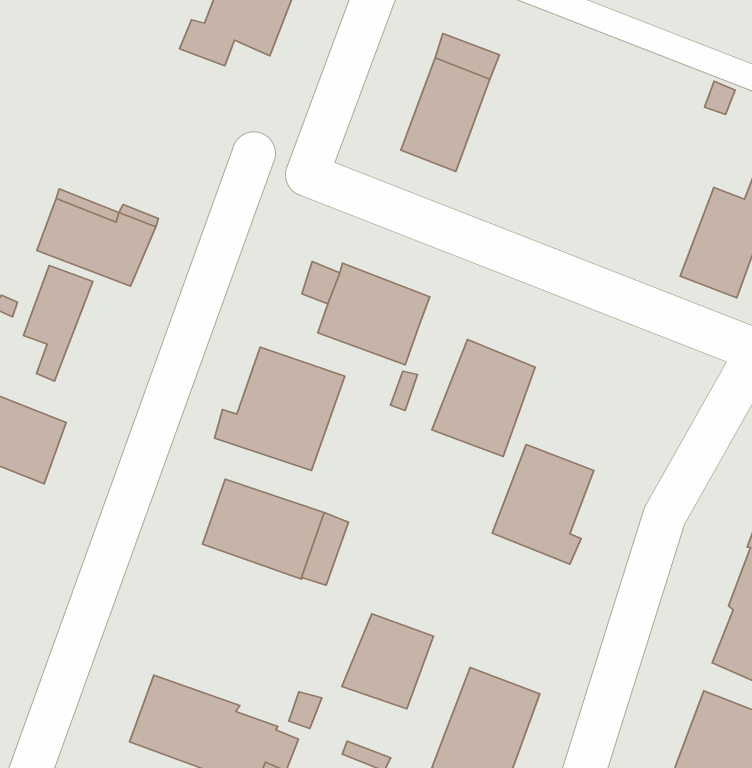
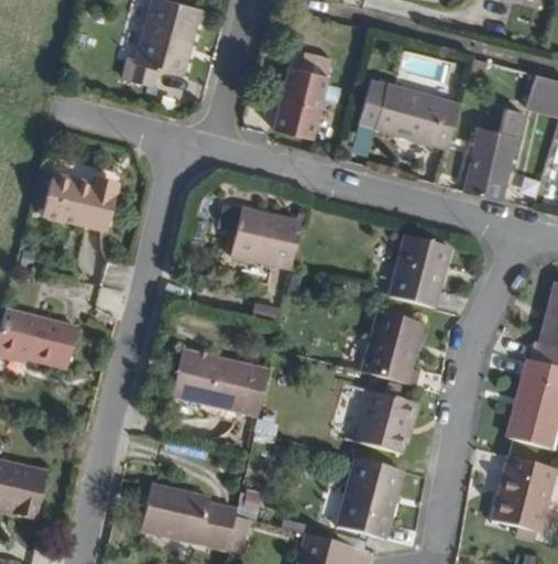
building: none -> [358,82,459,149]
building: [23,266,93,381] -> none
building: [432,339,535,456] -> [390,232,452,306]
building: [215,347,345,471] -> none
building: [342,614,434,709] -> [353,389,409,448]

